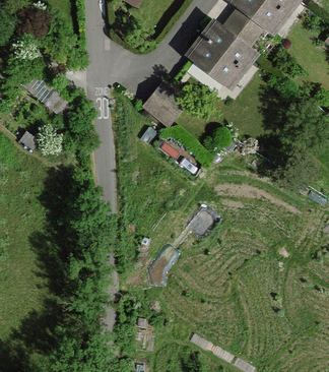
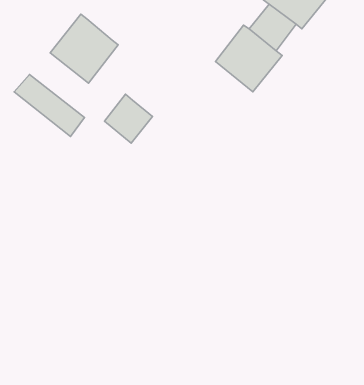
building: none -> [50,14,118,83]
building: [144,83,186,126] -> [104,94,152,143]

